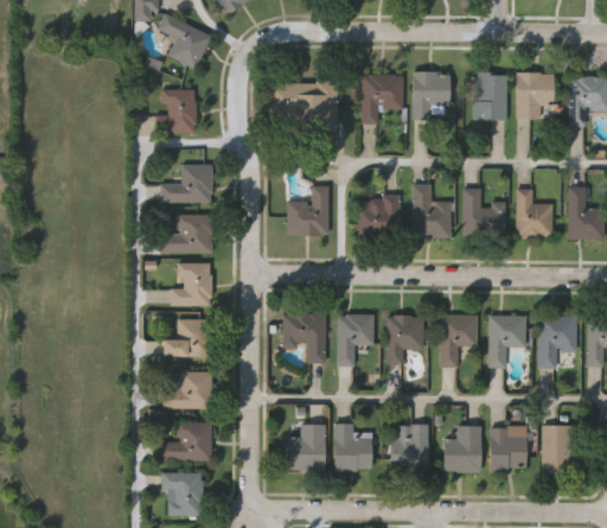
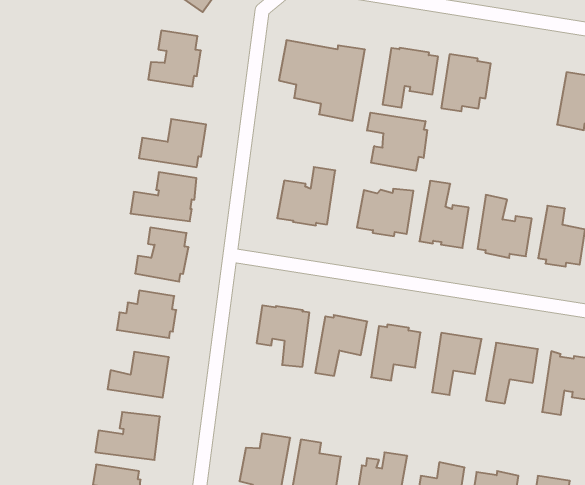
building: [472,71,506,120] -> none
building: none -> [367,113,427,171]

